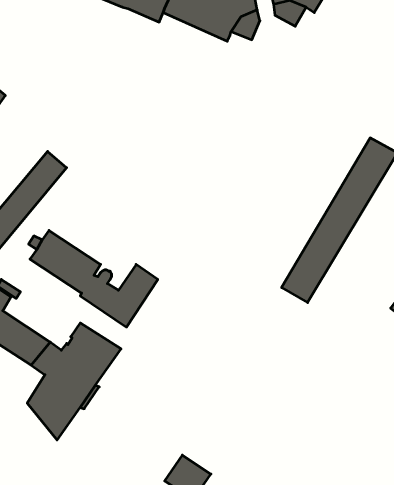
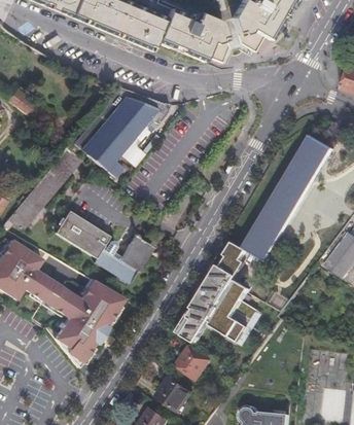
building: none -> [72,88,168,176]
building: none -> [177,245,258,342]
building: none -> [175,346,209,380]

